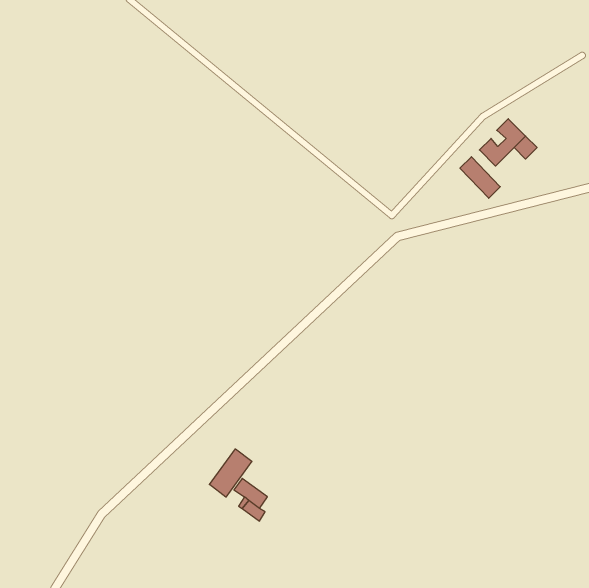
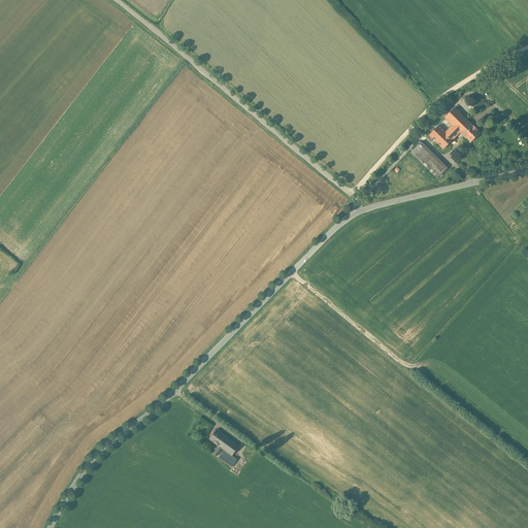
building: [209,449,252,497] -> none

